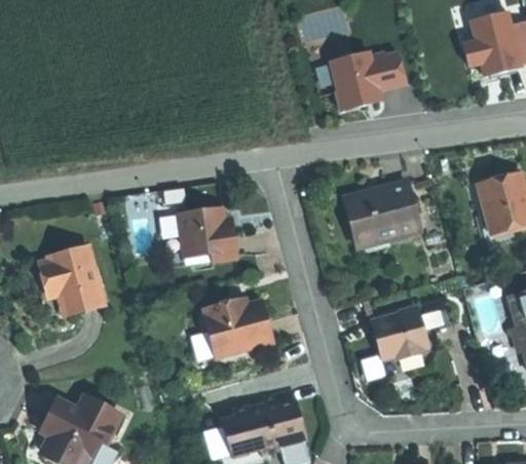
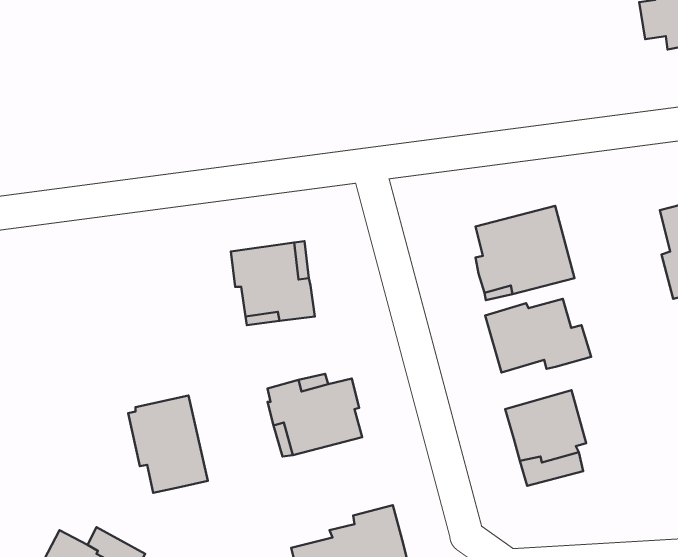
building: [331,44,407,107] -> none
building: none -> [485,299,591,372]
building: [47,252,103,319] -> [128,395,208,493]

